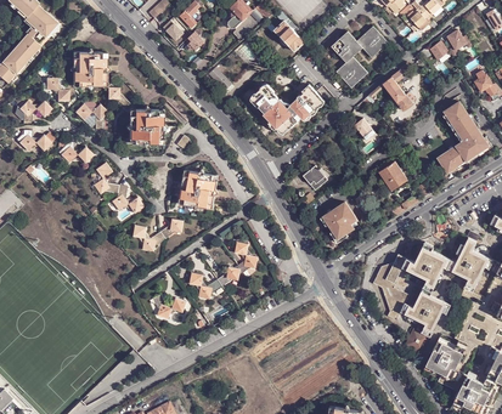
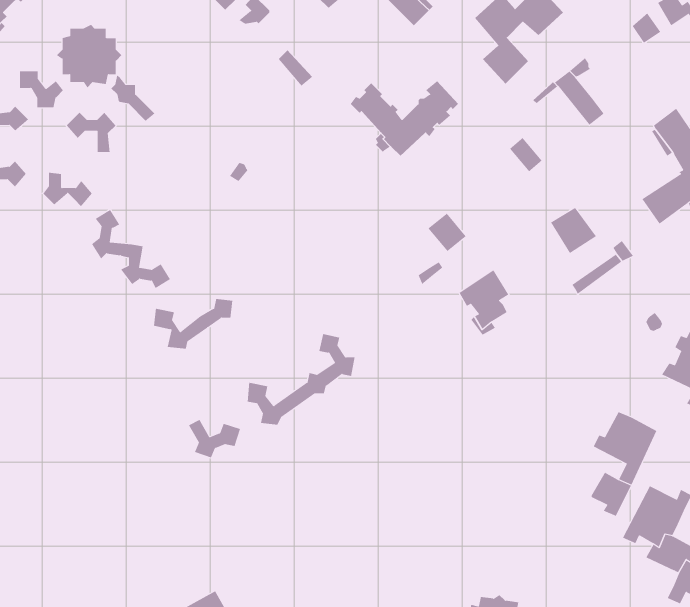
building: [128,106,168,146] -> none
building: [176,170,216,210] -> none
building: [407,240,449,290] -> none
building: [373,253,408,319] -> none

